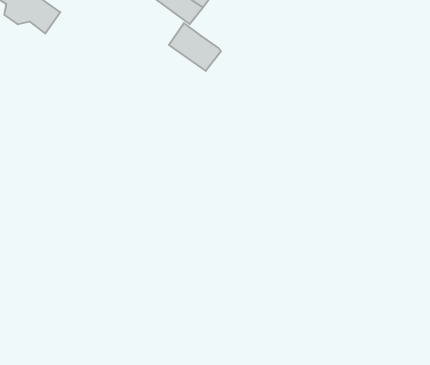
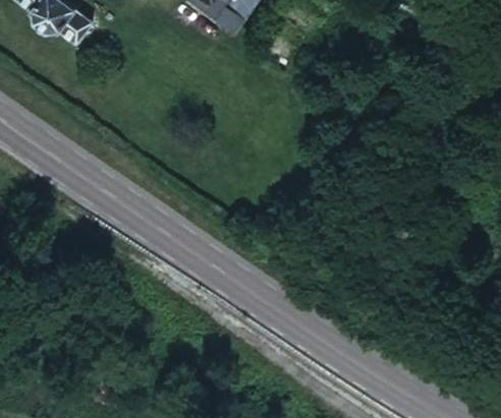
building: [169,23,221,71] -> none

